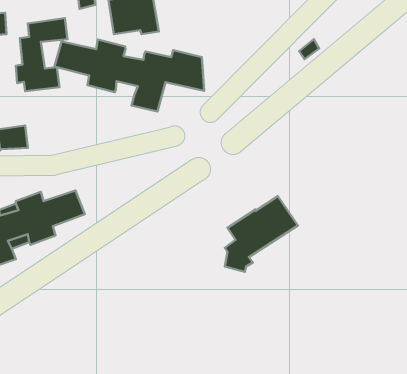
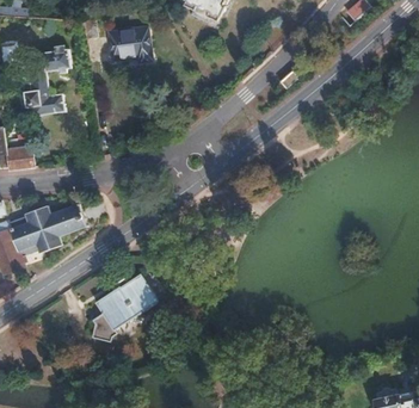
building: [55,40,204,111] -> none
building: [225,196,298,272] -> [92,273,158,341]

